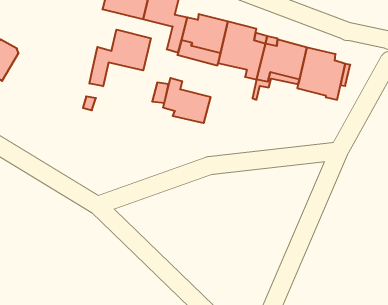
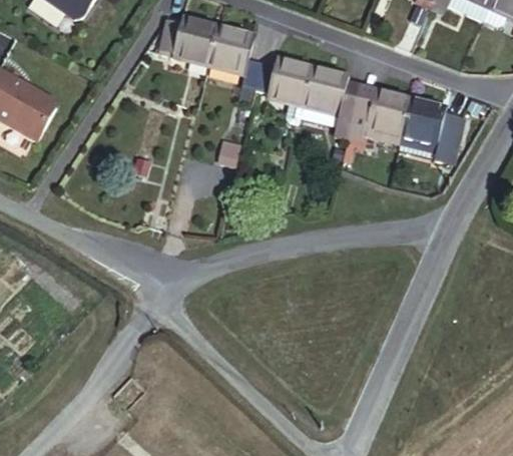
building: [89,30,151,86] -> none
building: [163,78,211,123] -> none

